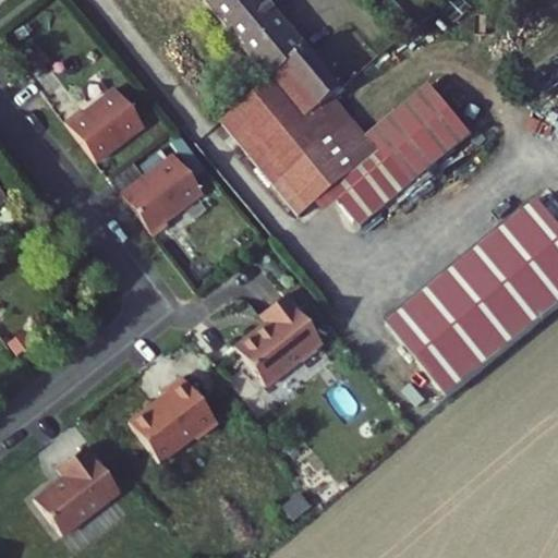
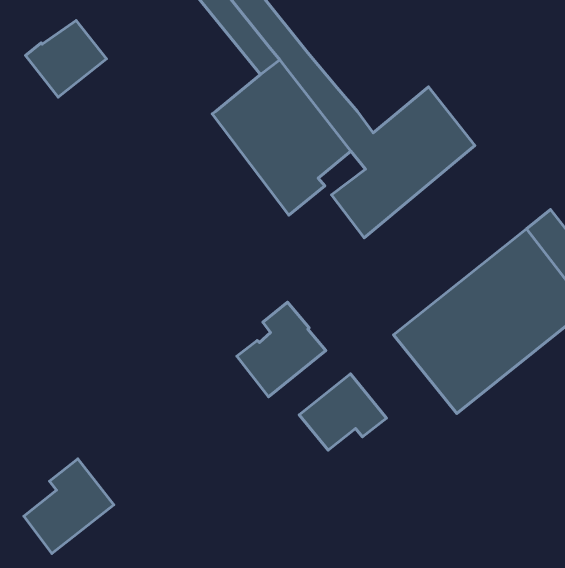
building: [62,85,141,159] -> [25,20,107,97]
building: [117,148,197,228] -> none
building: none -> [299,374,386,450]
building: [134,375,222,460] -> none

